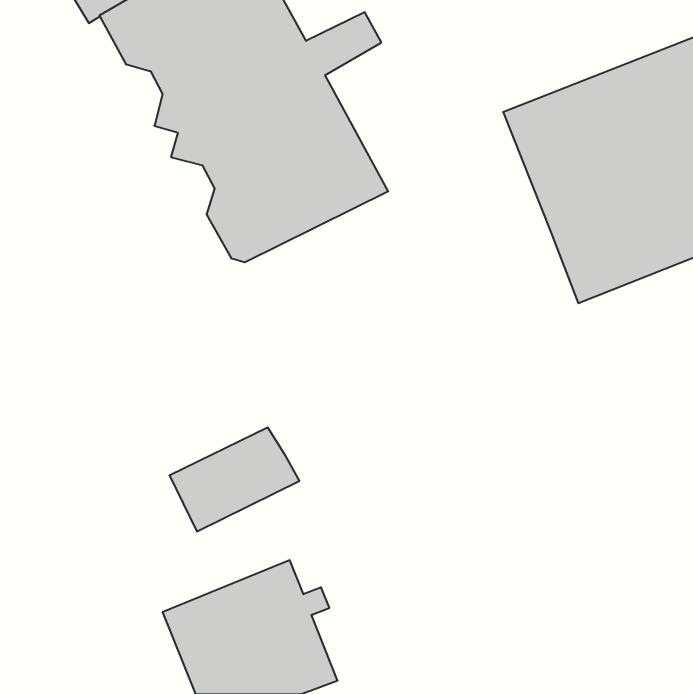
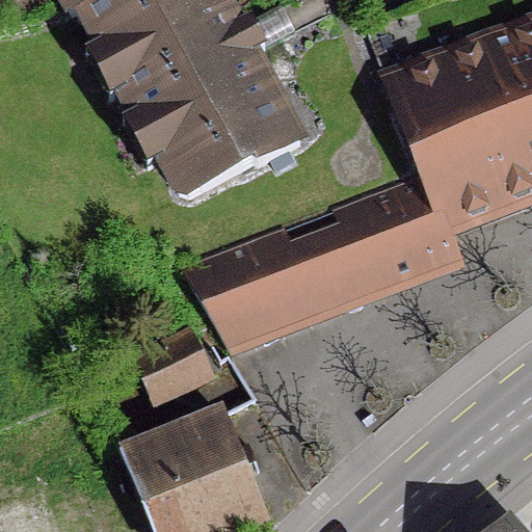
building: none -> [180,177,454,346]

